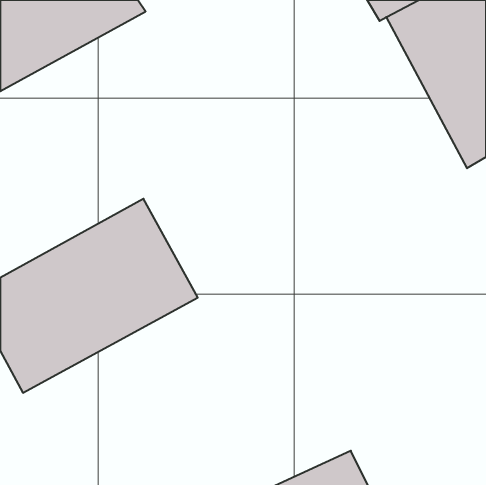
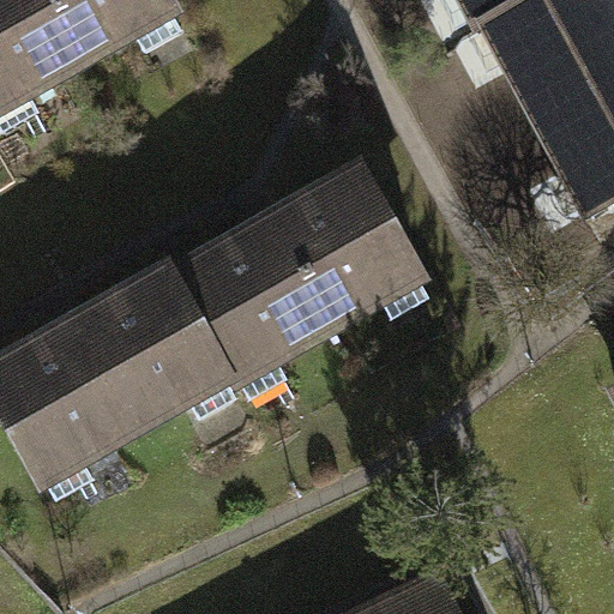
building: none -> [181,156,425,377]

